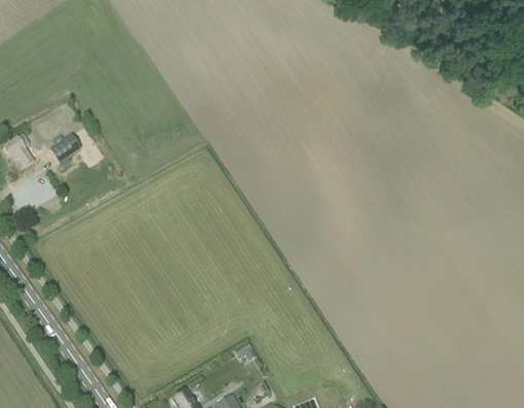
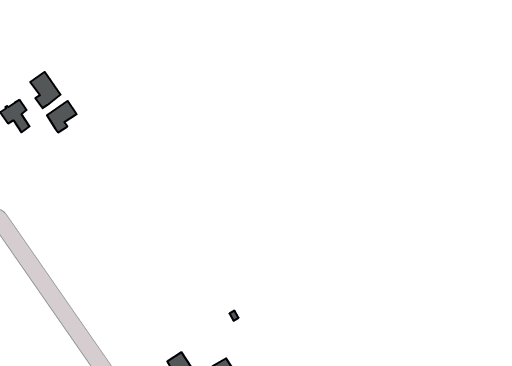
building: none -> [30,72,61,108]

